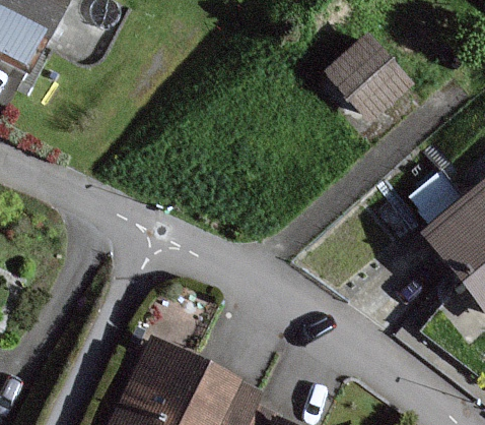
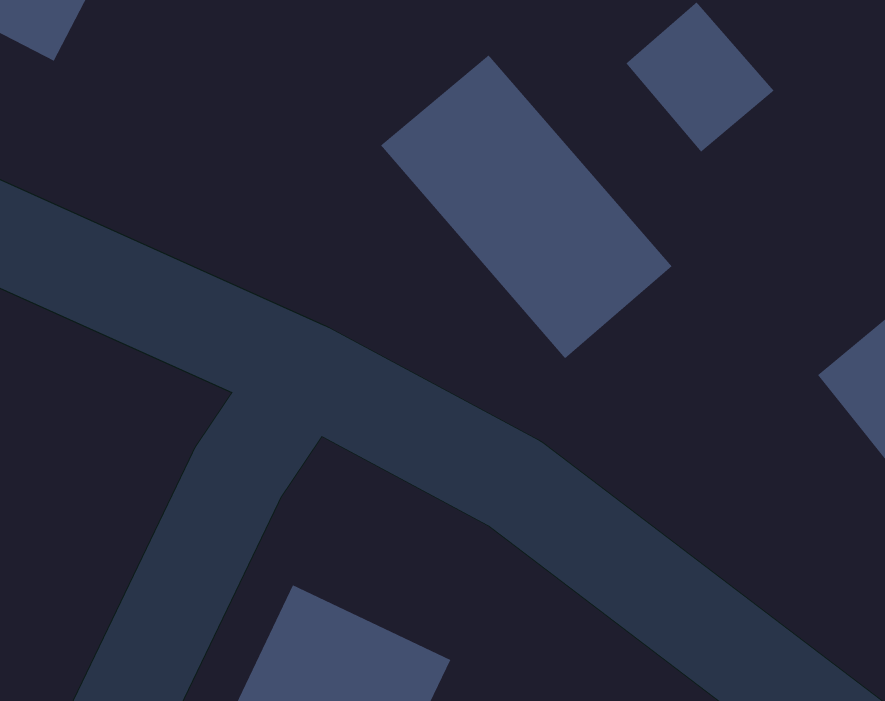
building: none -> [380,55,673,359]

